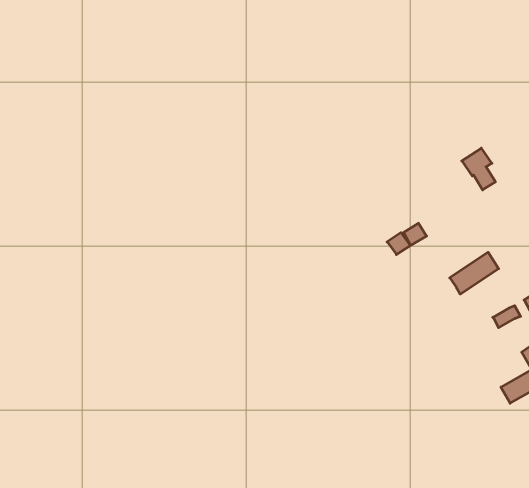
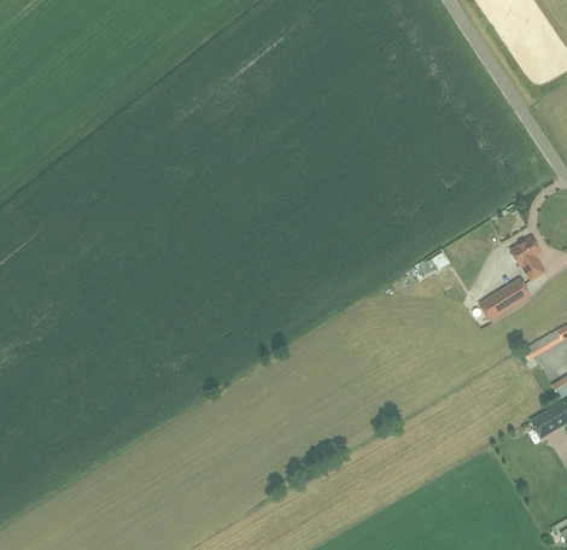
building: [462,148,495,190] -> [509,236,544,280]

